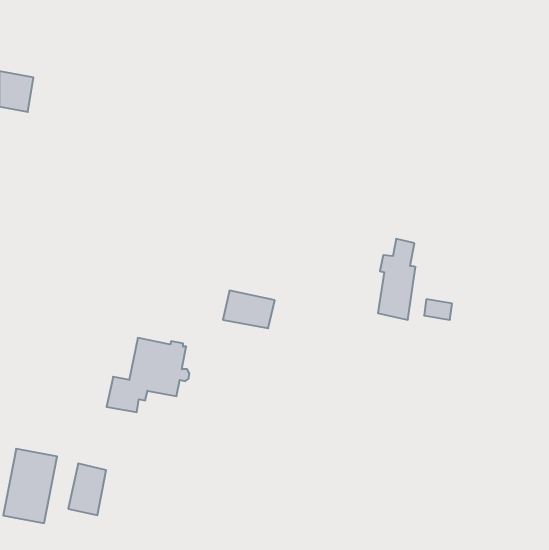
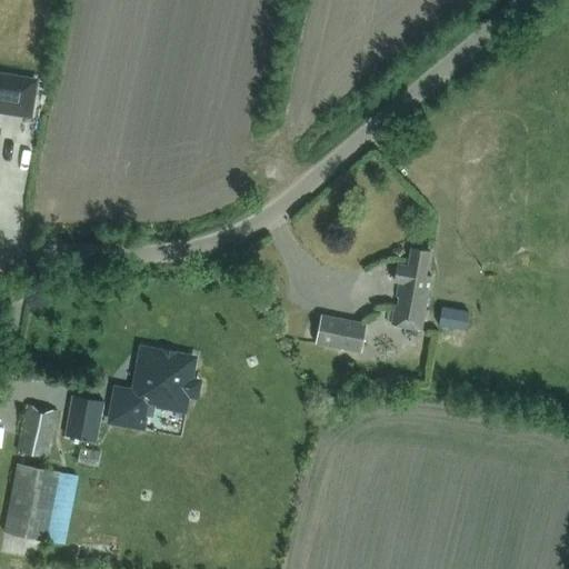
building: [223,291,275,328] -> [313,313,367,352]
building: none -> [64,399,100,440]
building: [68,464,106,515] -> [17,405,56,458]

